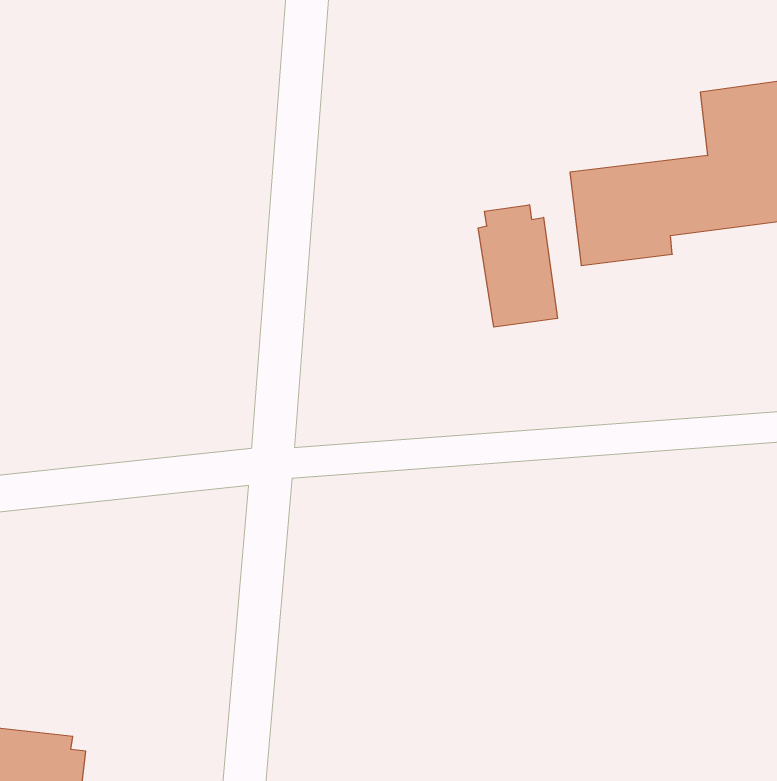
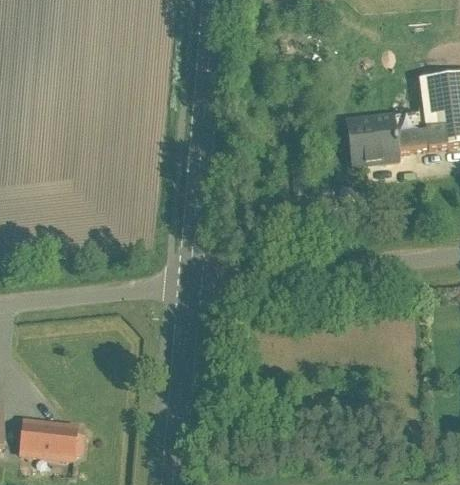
building: [478,205,558,327] -> none

